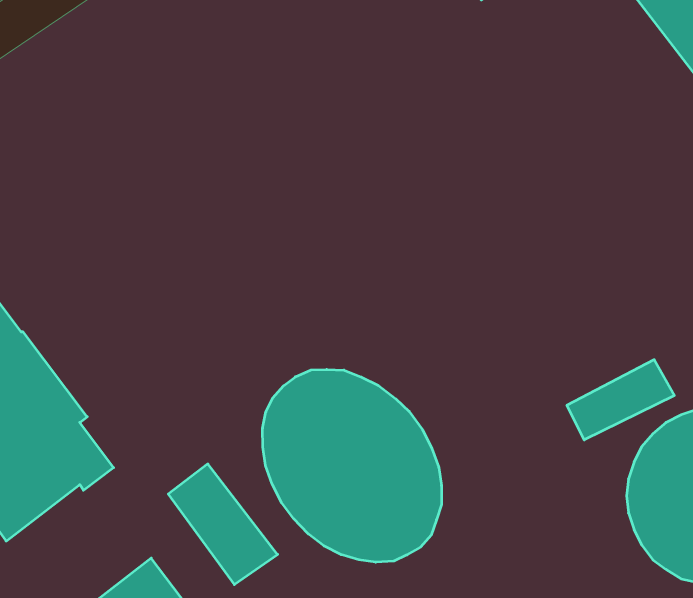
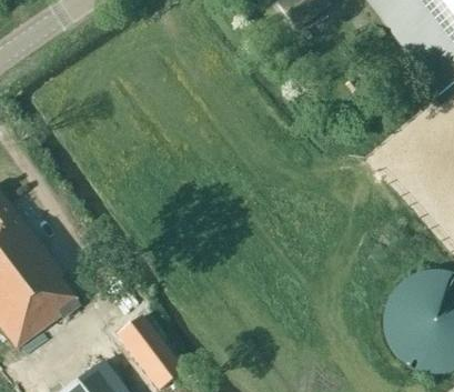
building: [567,360,674,440] -> none
building: [263,369,442,562] -> none

